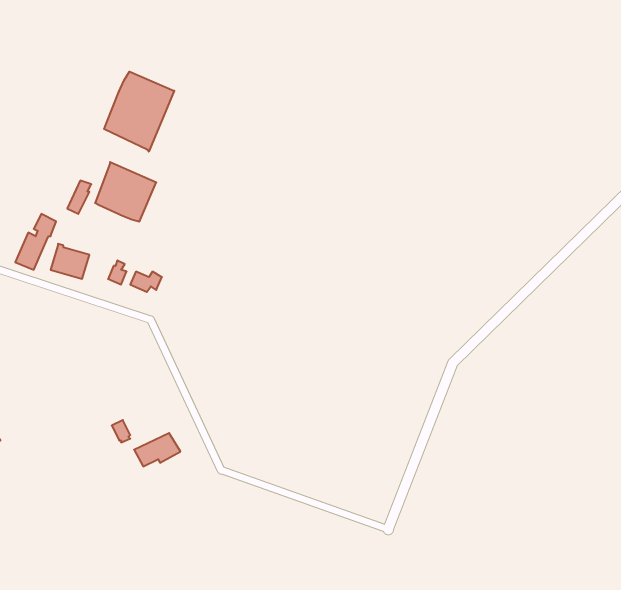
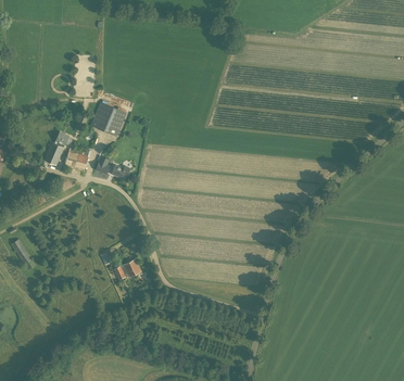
building: [104,72,174,152] -> none

